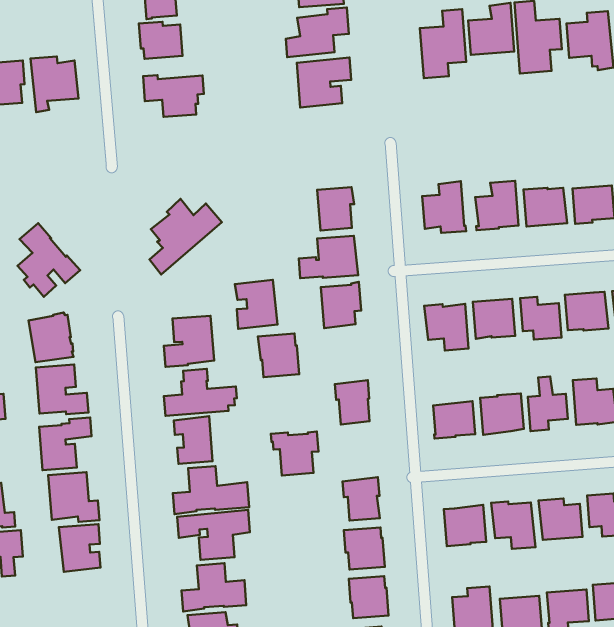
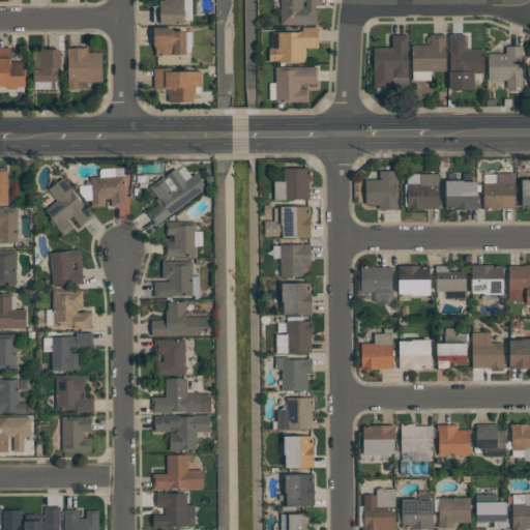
building: none -> [90,176,126,207]
building: [235,280,278,329] -> [166,222,197,258]
building: [258,334,299,377] -> [282,284,312,316]
building: [271,432,318,475] -> [275,358,312,391]

